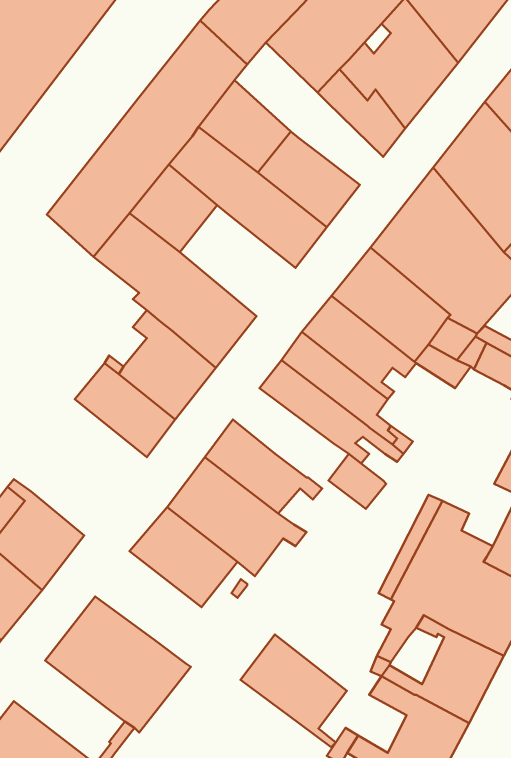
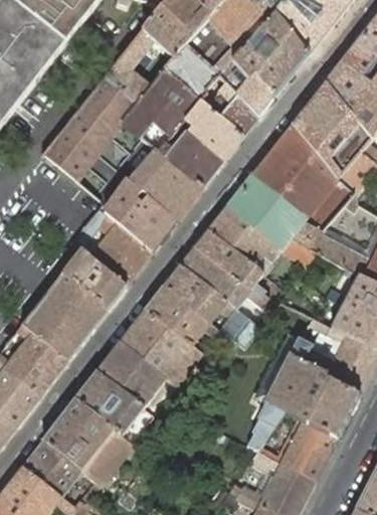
building: none -> [164,42,217,100]
building: none -> [205,80,259,134]
building: none -> [129,147,203,218]
building: none -> [163,265,227,322]
building: none -> [22,272,108,359]
building: [240,634,347,747] -> [74,369,143,442]
building: none -> [22,440,81,496]

